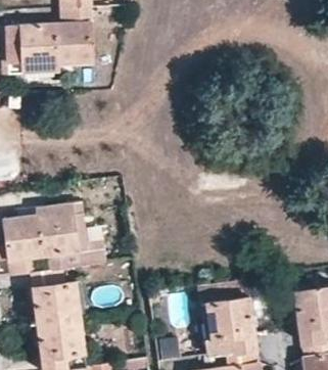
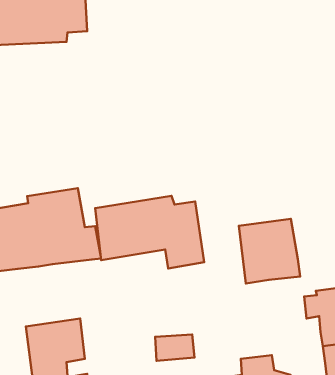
building: none -> [95,196,204,269]
building: [30,268,85,323] -> none
building: [200,297,254,355] -> [239,219,300,283]

